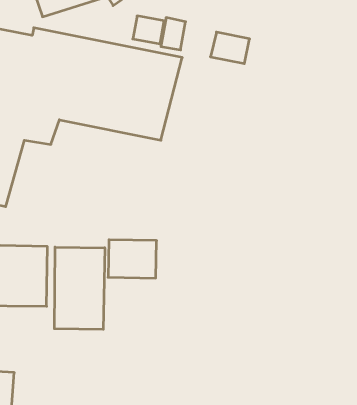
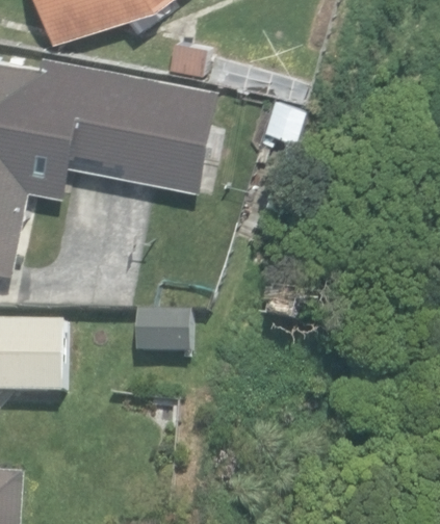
building: [54,247,105,329] -> none

